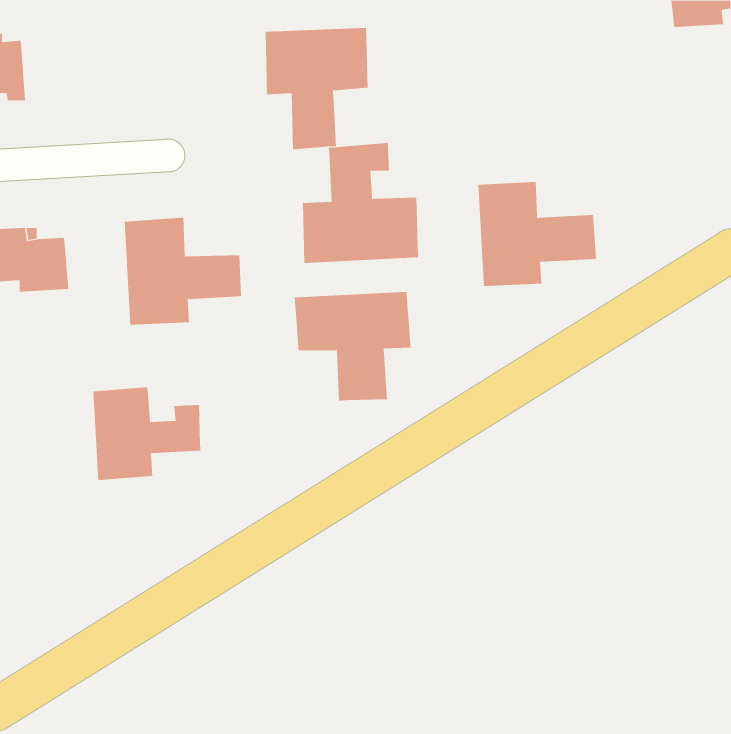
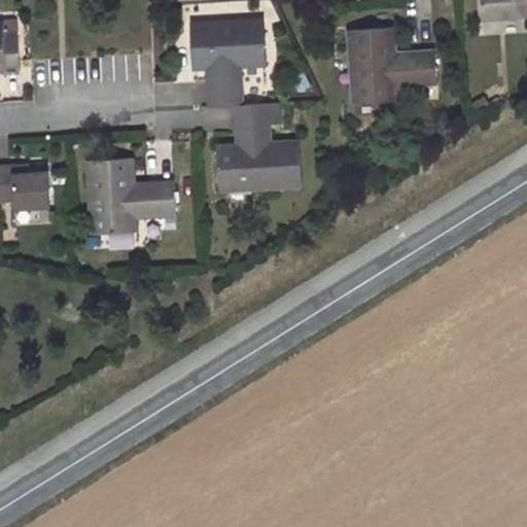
building: [477,182,597,287] -> [350,28,435,103]
building: [294,291,411,402] -> none
building: [93,387,201,481] -> none

